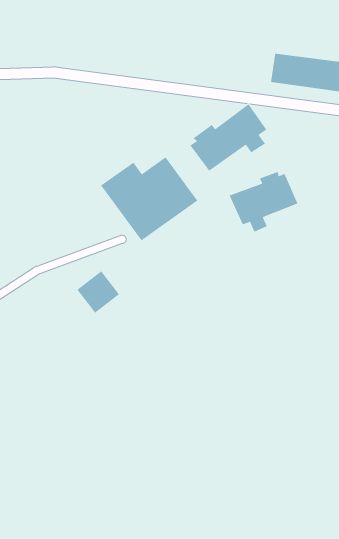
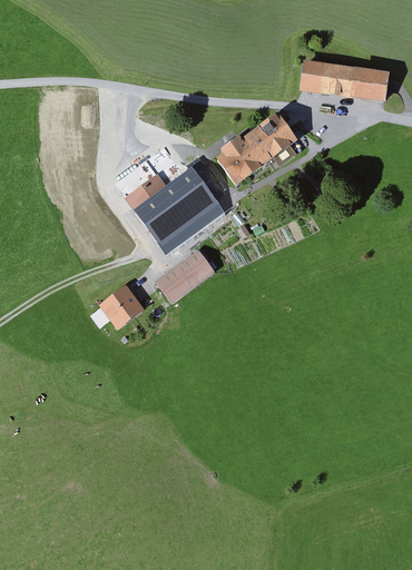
building: [229,171,298,233] -> none
building: none -> [156,248,215,303]

